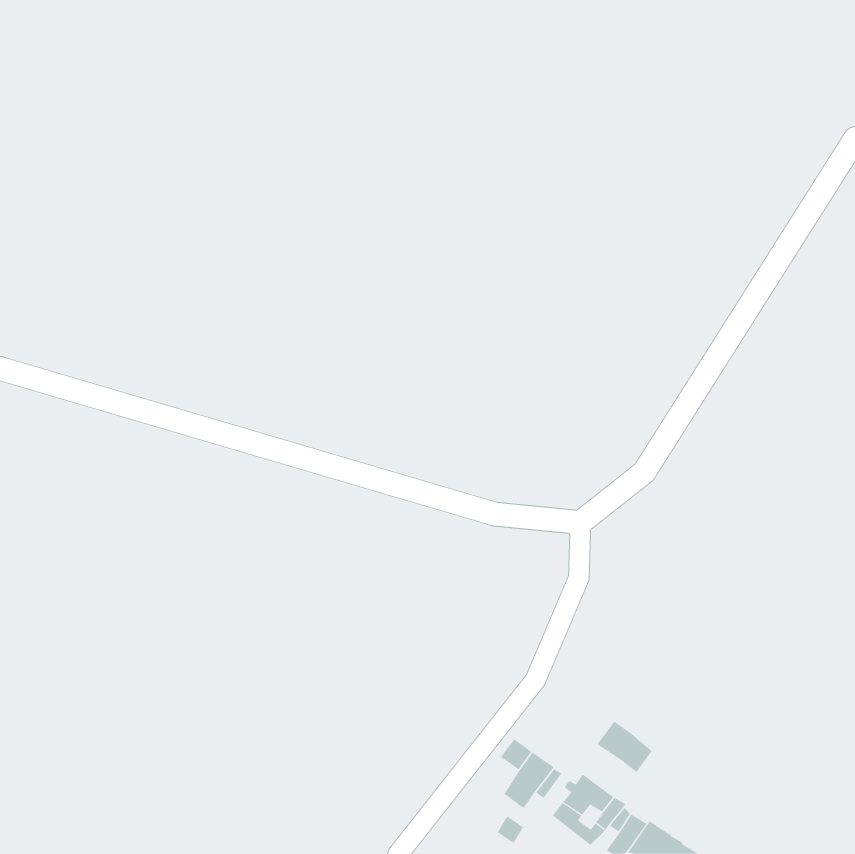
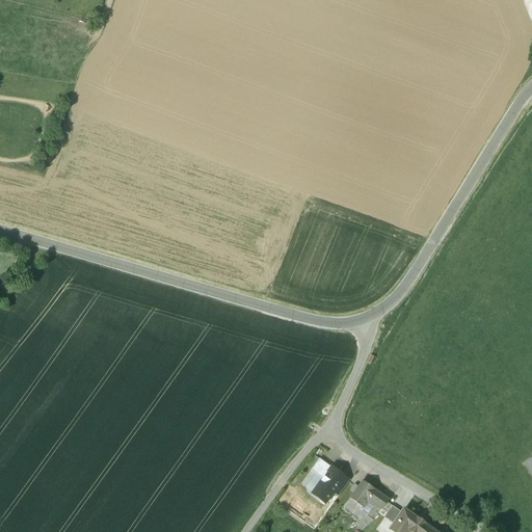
building: [597,721,652,773] -> none

